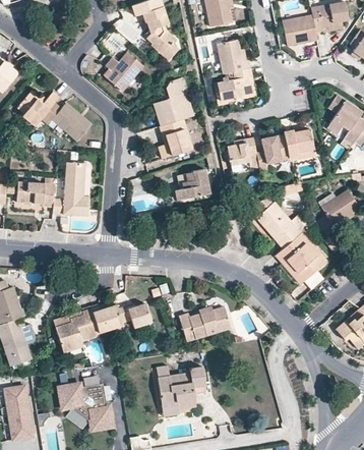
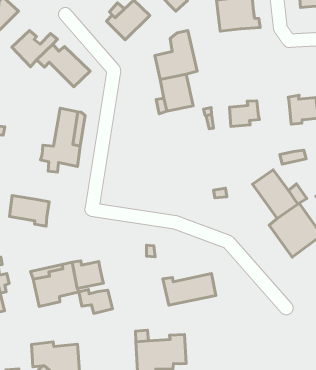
building: [215,68,255,101] -> none
building: [256,134,289,169] -> none
building: [181,169,210,199] -> none
building: [18,181,55,208] -> [9,195,49,226]
building: [118,304,151,328] -> [79,290,113,314]

